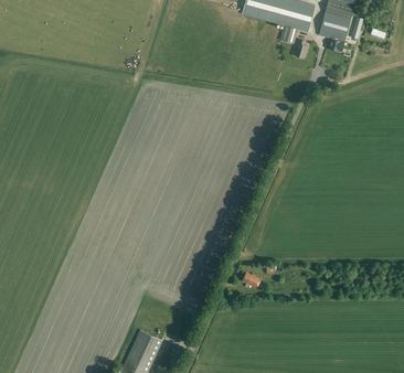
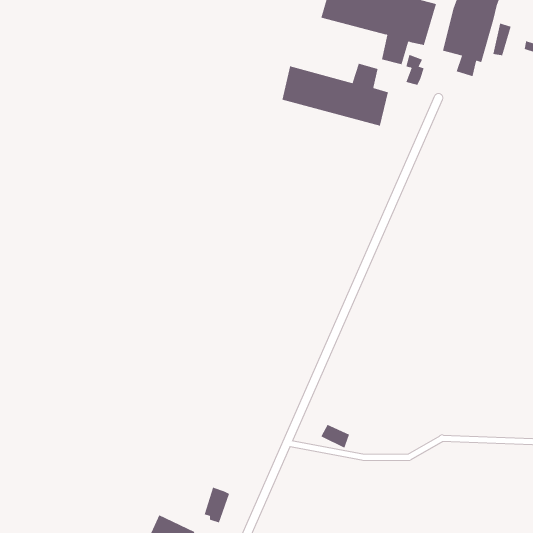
building: none -> [282,63,388,126]

